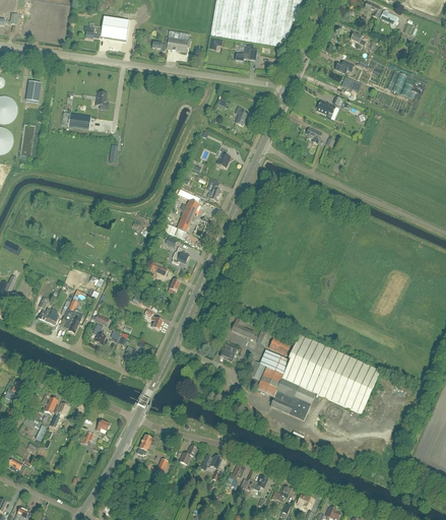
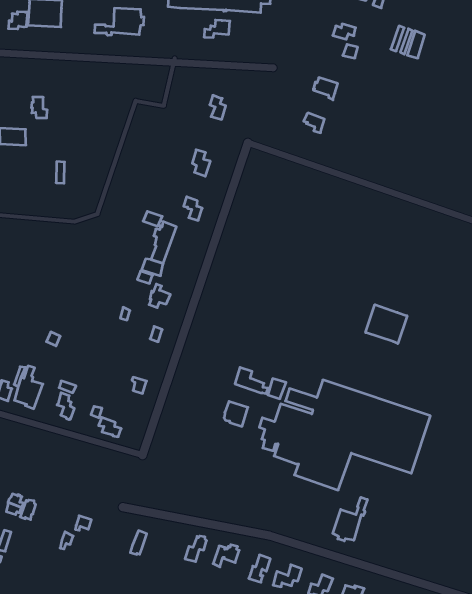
building: none -> [366,305,407,344]
building: none -> [333,497,367,541]

